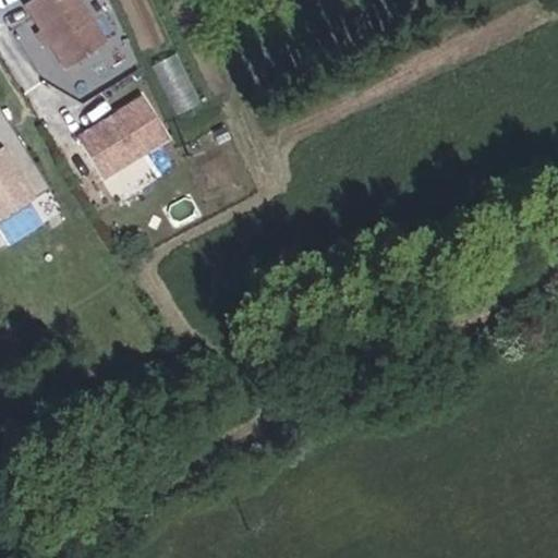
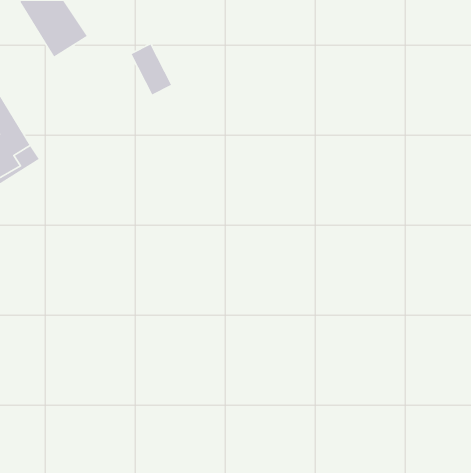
building: [75,96,165,177] -> none

